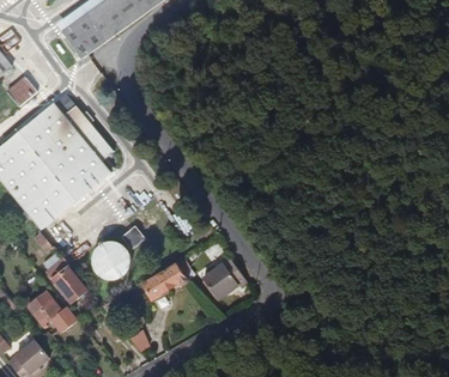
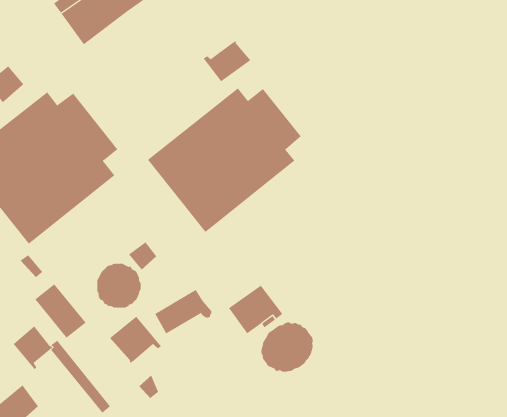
building: none -> [203,40,251,82]
building: none -> [147,88,302,233]
building: none -> [109,316,162,364]
building: none -> [261,322,313,373]

